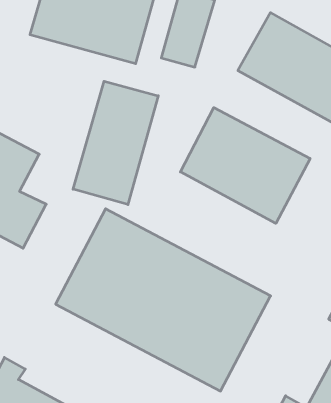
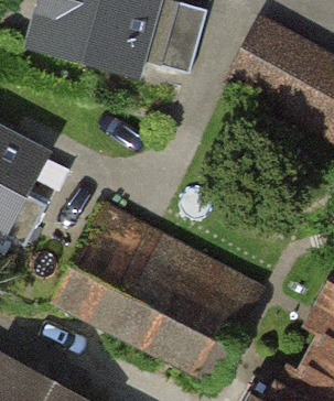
building: [73,81,158,205] -> none
building: [180,108,310,223] -> none

